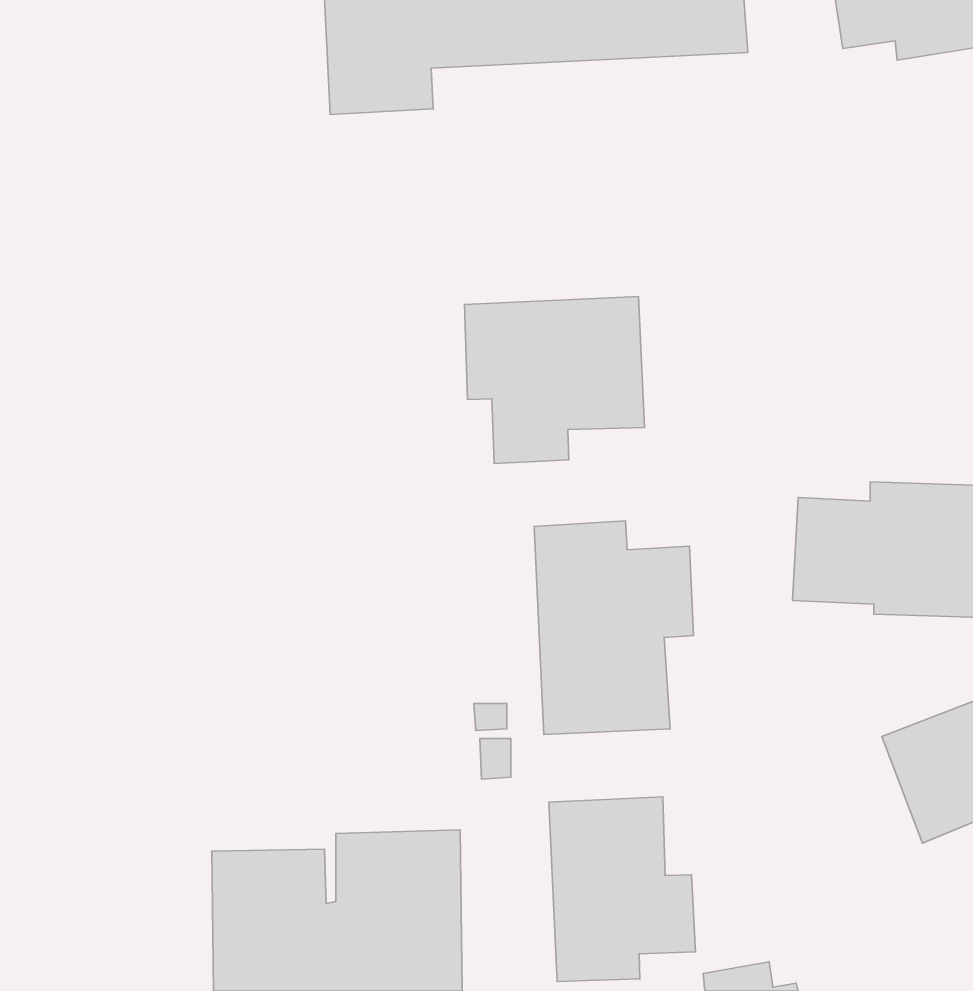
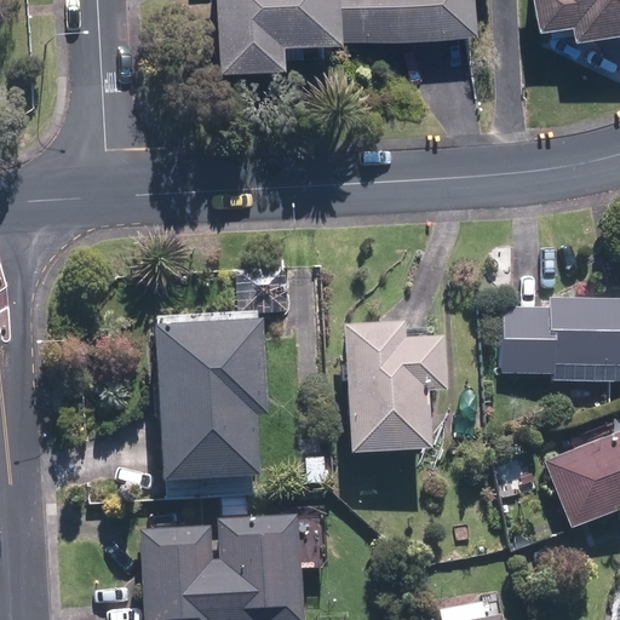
building: [464,296,645,463] -> none
building: none -> [155,314,265,484]
building: [549,797,695,981] -> none

